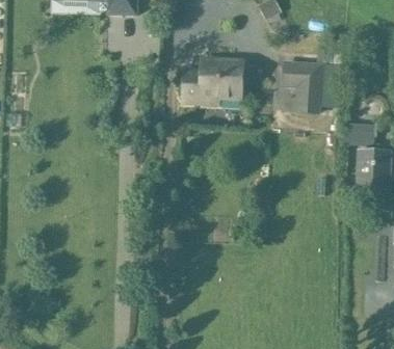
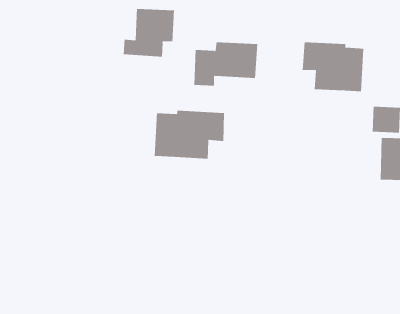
building: none -> [123,8,175,58]
building: none -> [154,110,224,160]

